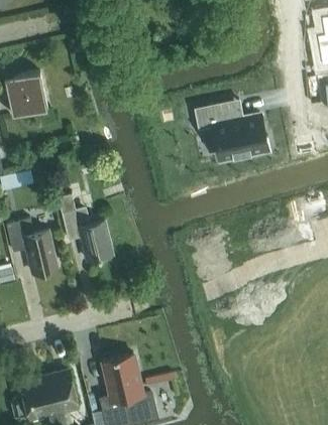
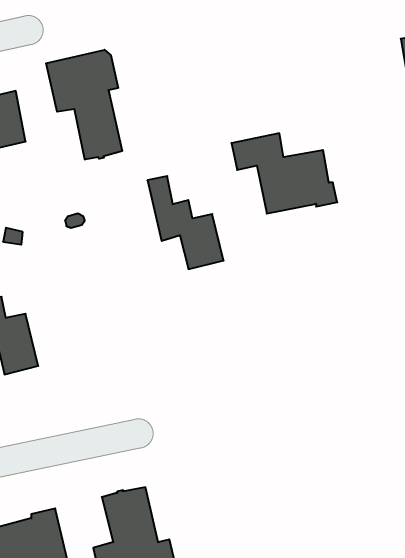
building: none -> [46,50,122,160]
building: [58,194,112,261] -> [147,176,224,269]

